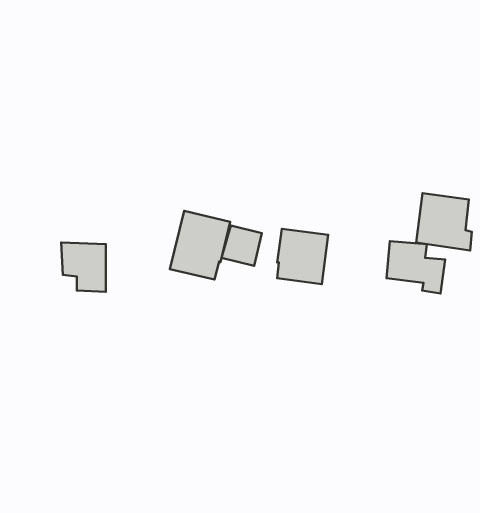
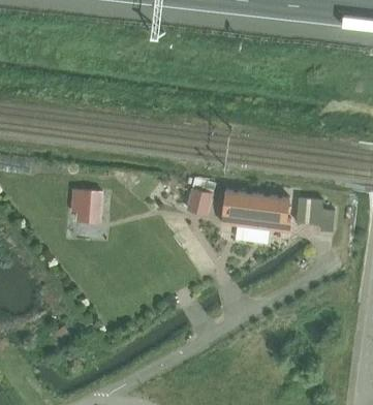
building: [416,193,472,250] -> [252,193,289,231]
building: [170,211,230,280] -> none

